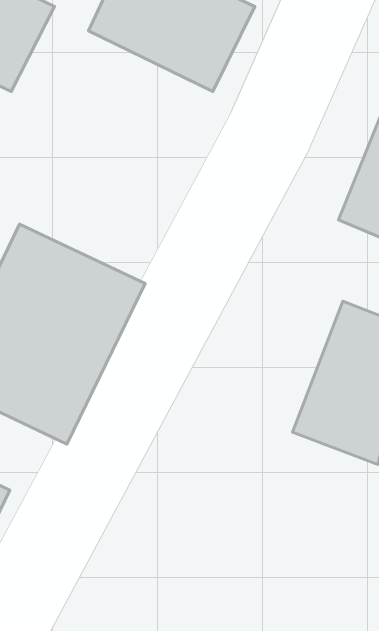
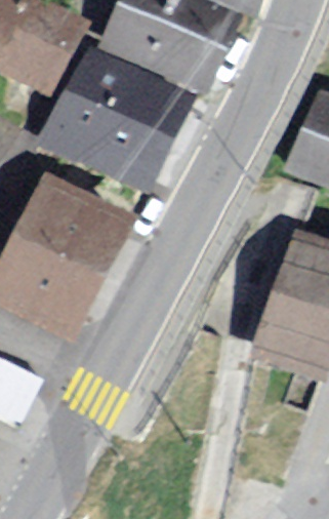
building: none -> [37,40,178,172]

